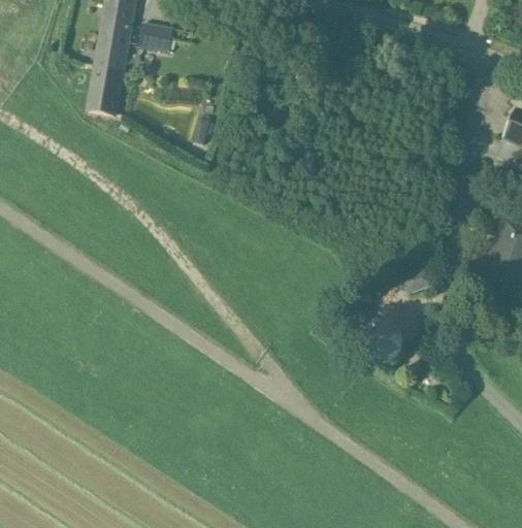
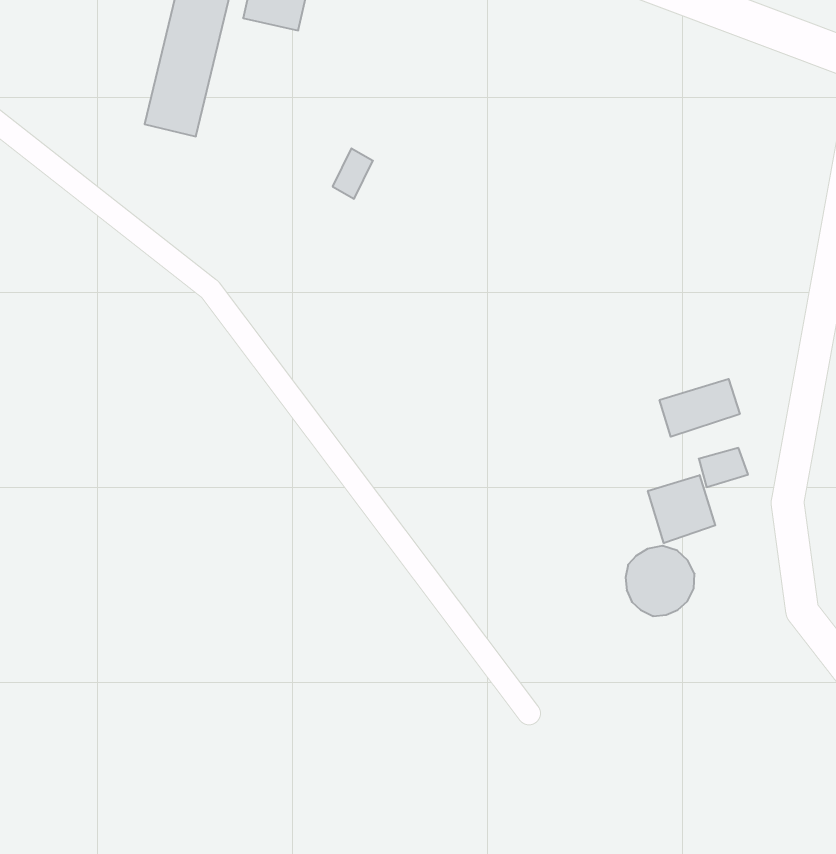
building: none -> [660,379,740,437]
building: none -> [648,475,715,543]

